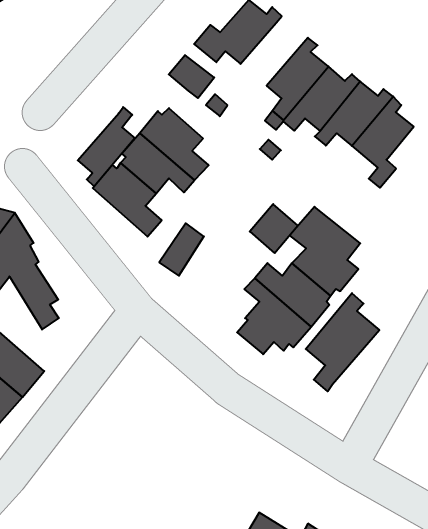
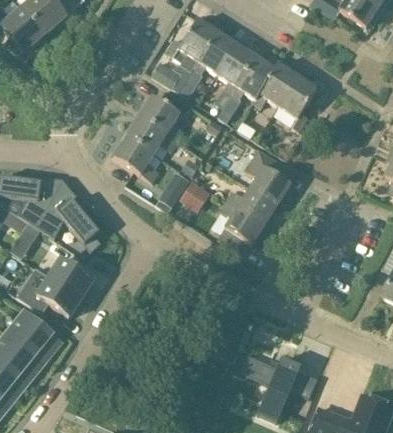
building: none -> [190,32,238,76]
building: [78,107,135,186] -> none
building: [250,204,298,253] -> [178,180,209,212]
building: [306,293,379,391] -> none

